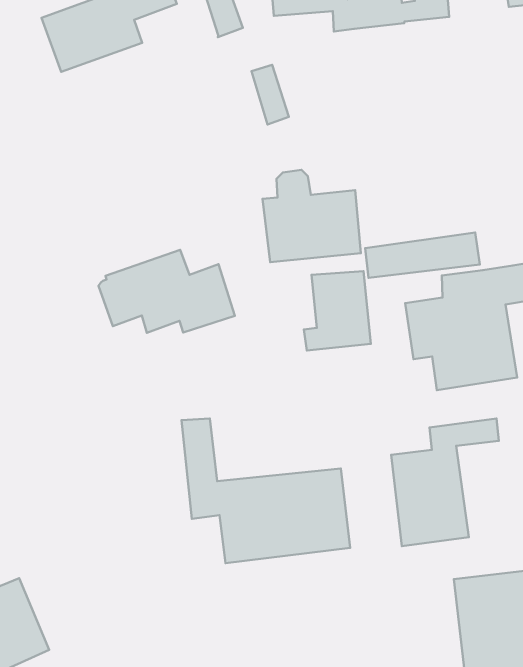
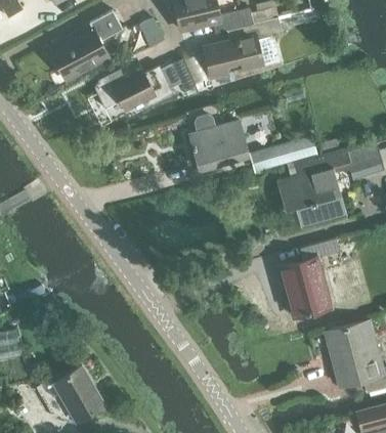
building: none -> [205,17,283,77]
building: [98,250,235,333] -> [94,60,173,110]
building: [304,271,371,351] -> none
building: [181,418,350,563] -> none

